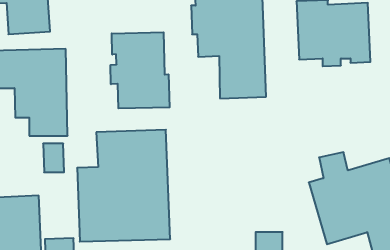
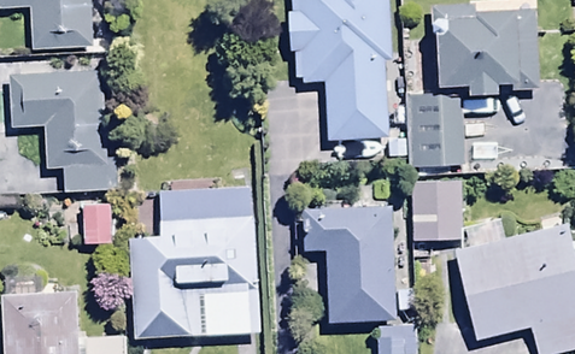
building: [111,32,170,108] -> none
building: none -> [407,90,465,164]
building: none -> [410,177,460,244]
building: none -> [303,205,395,319]

